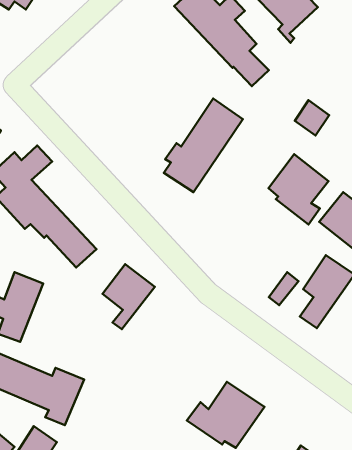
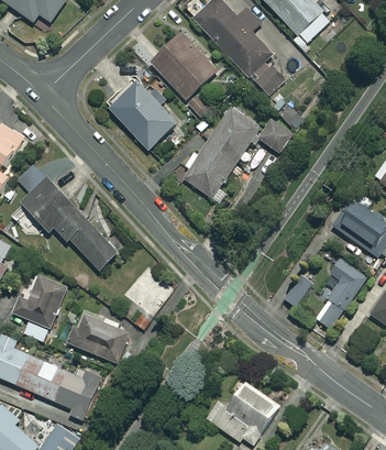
building: none -> [150,32,218,100]
building: none -> [109,80,177,150]
building: [295,100,329,136] -> [260,120,293,154]
building: [268,154,329,225] -> none
building: none -> [68,310,132,372]

